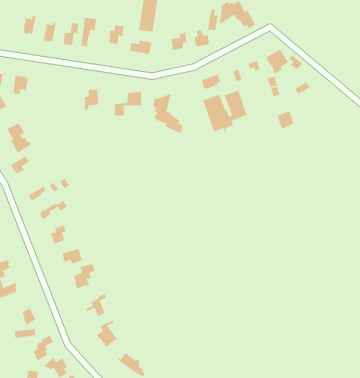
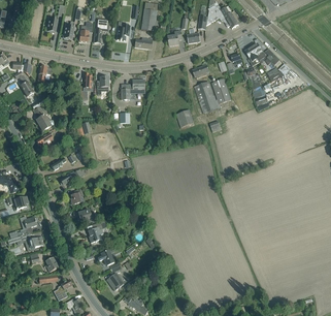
building: [152,93,184,134] -> none

